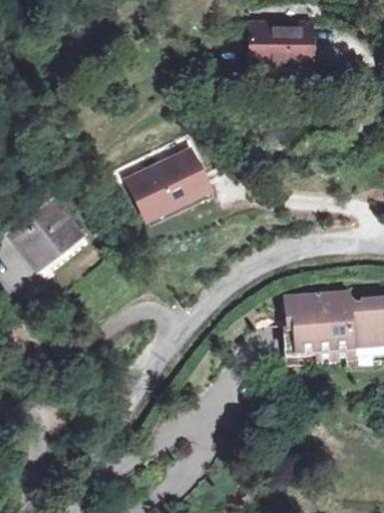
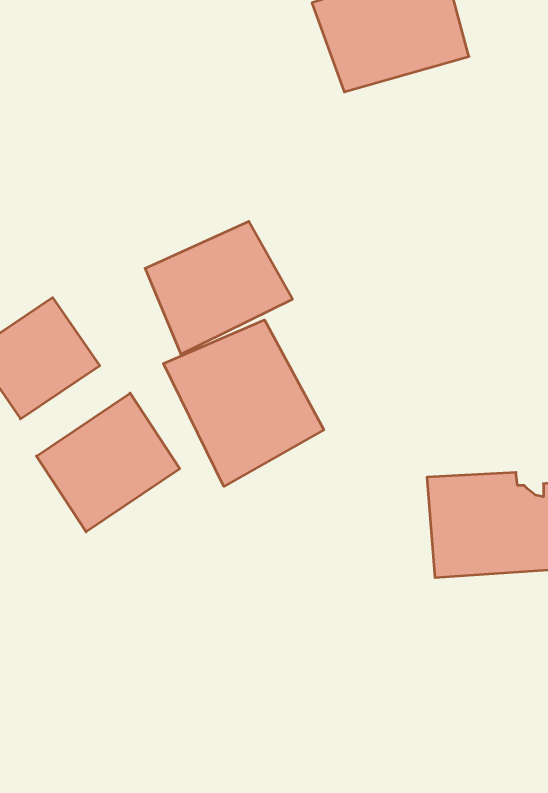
building: none -> [163,320,324,486]
building: none -> [36,393,180,532]

